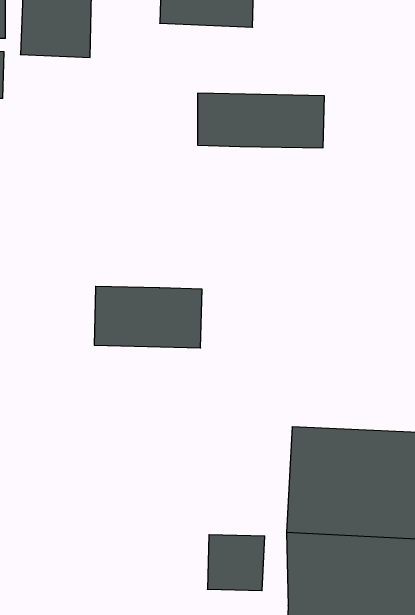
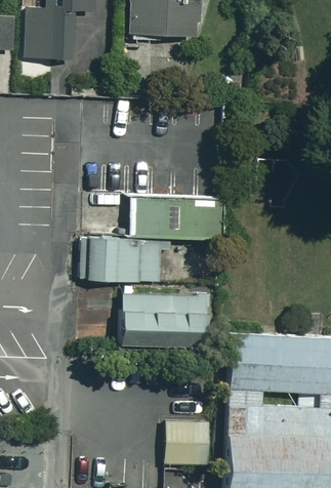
building: [198,93,324,148] -> [130,195,225,236]
building: none -> [122,291,211,339]

